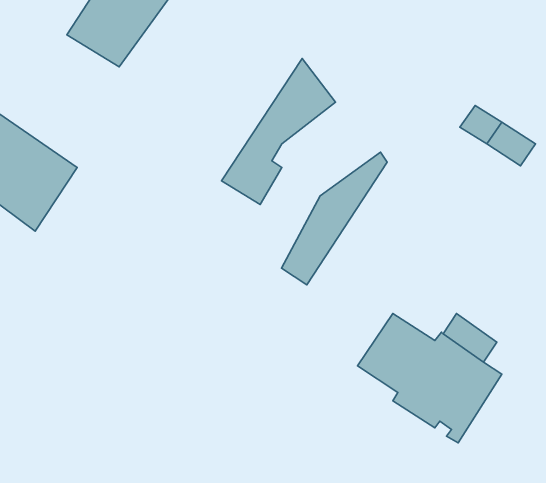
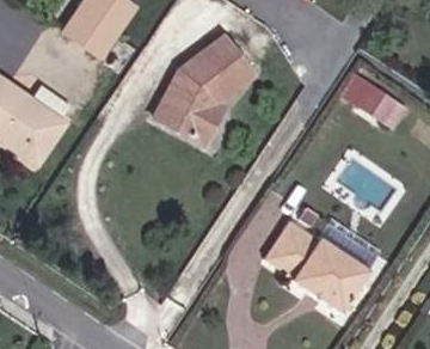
building: [281,152,387,285] -> [154,36,229,130]

